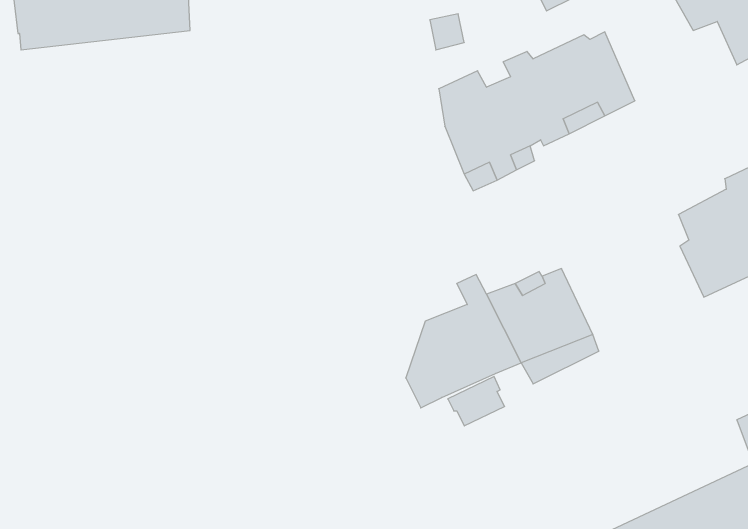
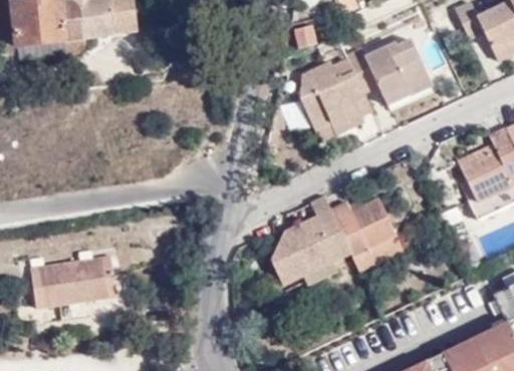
building: none -> [30,259,116,311]

